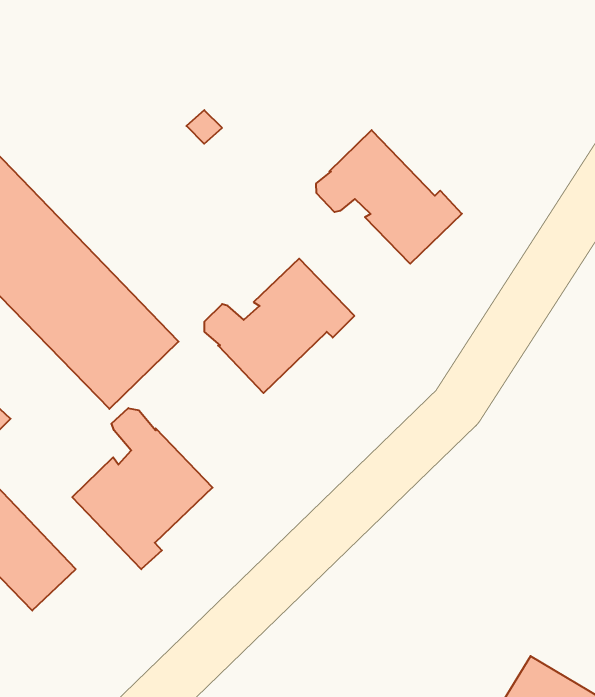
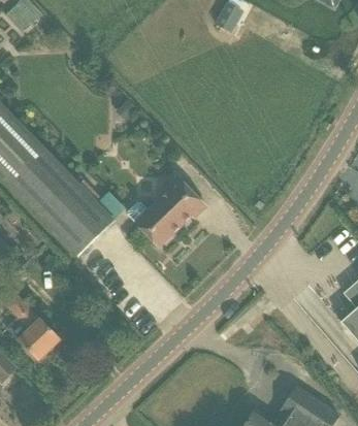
building: [316,130,462,264] -> none
building: [72,408,213,569] -> none

